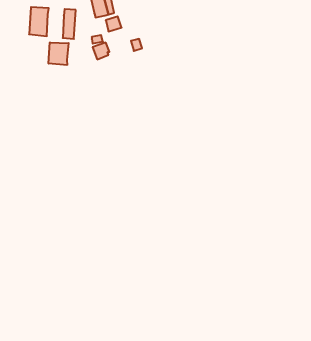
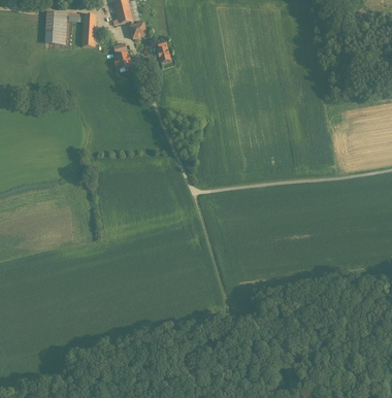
building: [49,42,69,65] -> none

